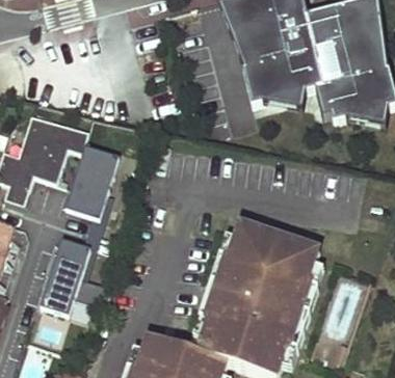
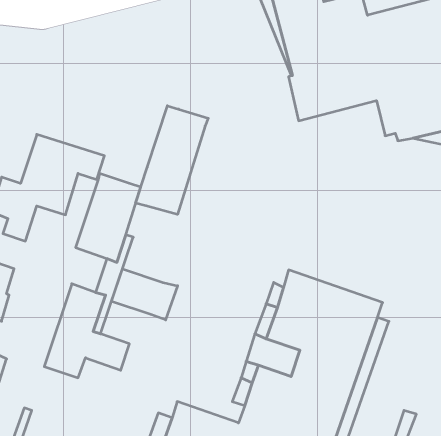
building: none -> [136,106,208,214]
building: none -> [112,269,178,320]

